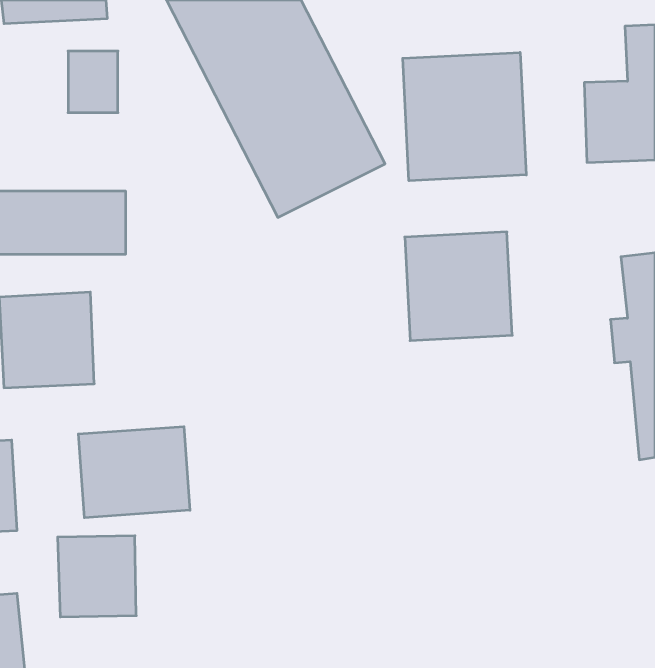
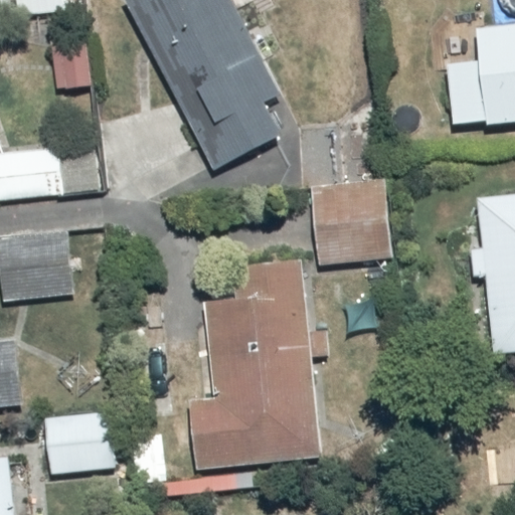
building: [403,52,526,181] -> none
building: none -> [191,263,320,470]
building: [78,427,190,518] -> none

